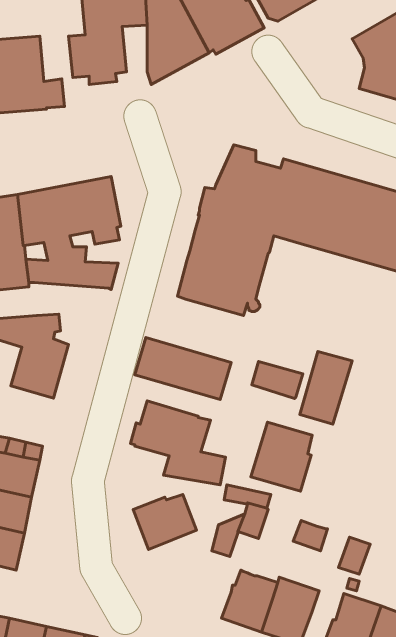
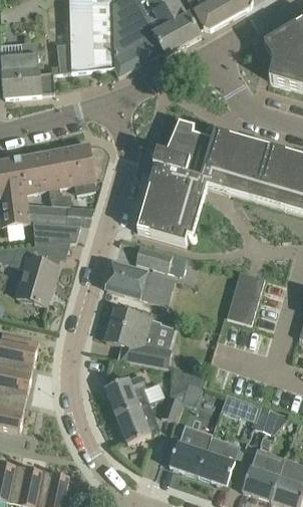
building: none -> [32,220,80,244]
building: [252,361,303,399] -> [134,244,172,271]
building: [251,422,312,491] -> none
building: none -> [115,401,160,443]

